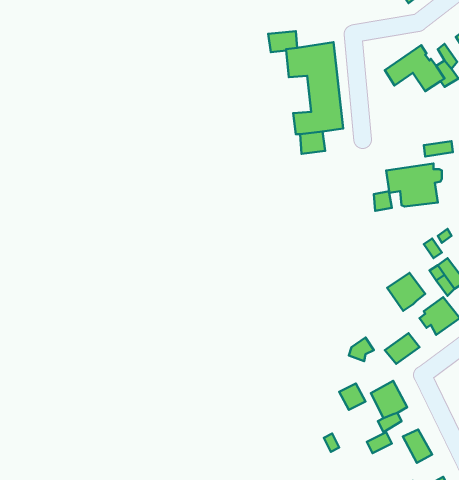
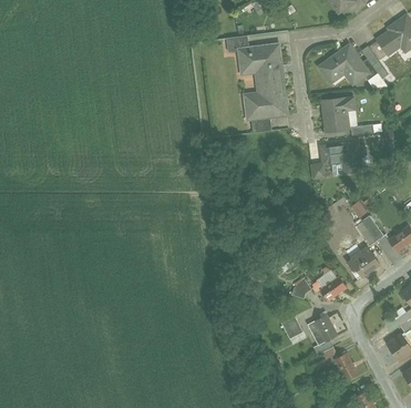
building: none -> [322,95,353,131]
building: [387,273,425,311] -> none

